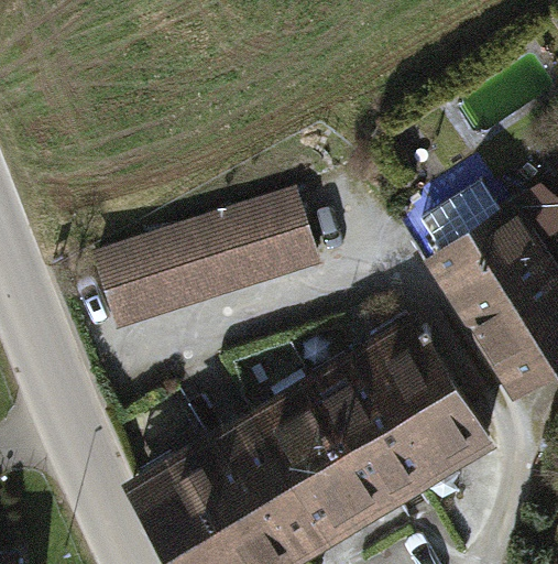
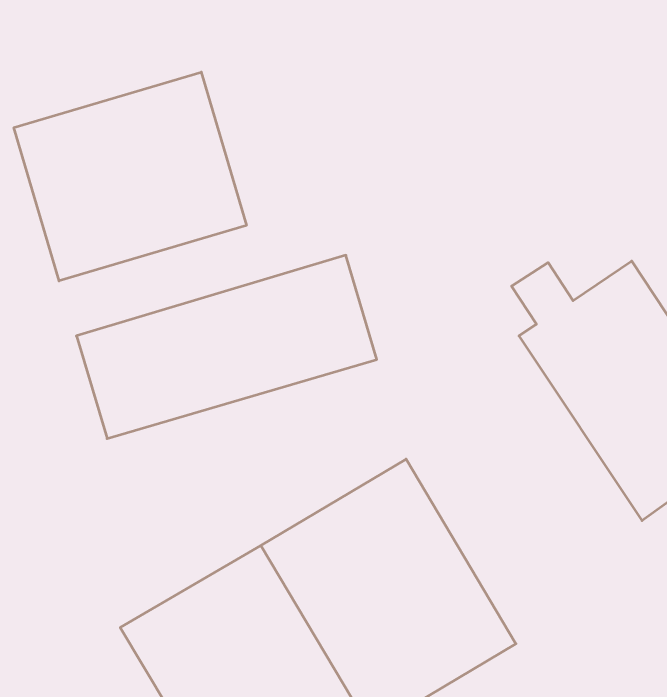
building: none -> [14,72,246,281]
building: [342,306,495,487] -> none

